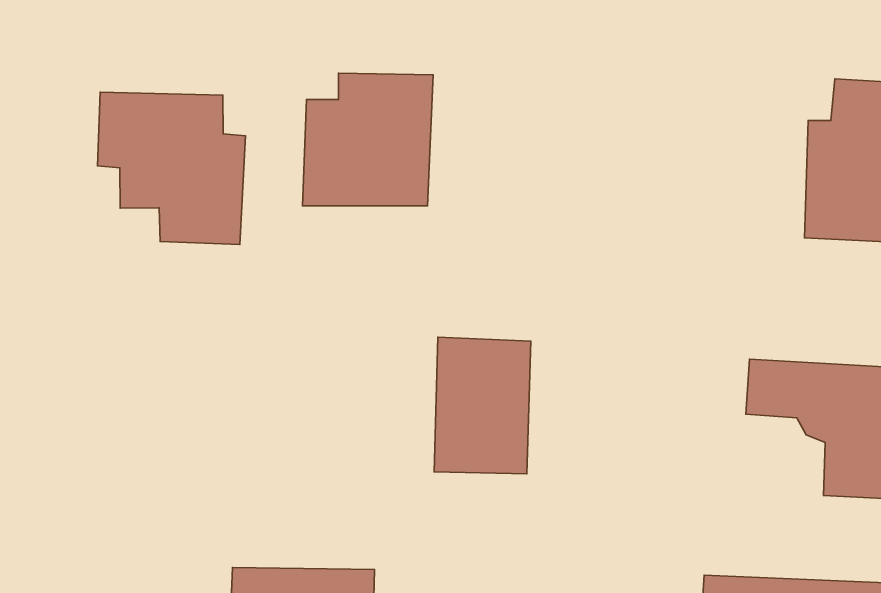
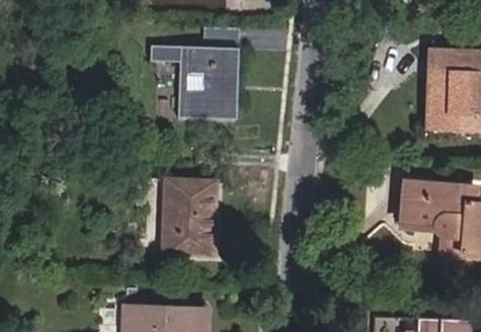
building: [98,92,245,244] -> none
building: [434,337,531,474] -> [159,180,211,253]

